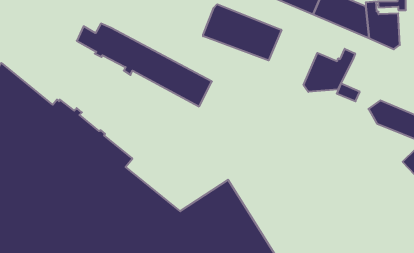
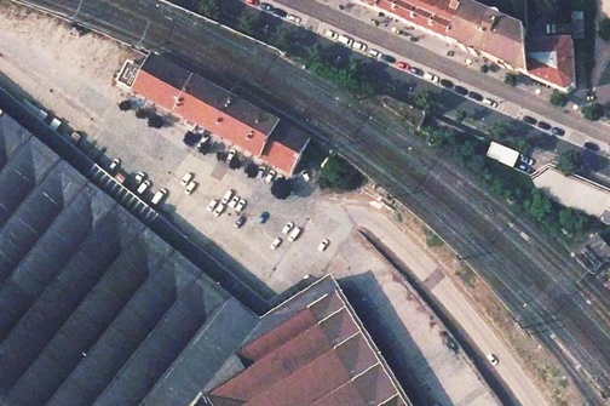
building: [203,4,281,60] -> none
building: [304,49,355,92] -> none

